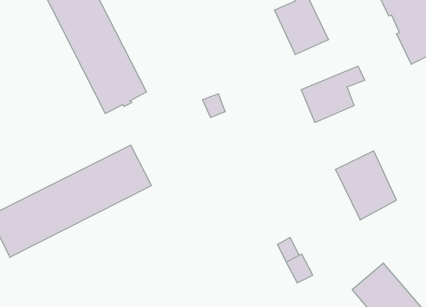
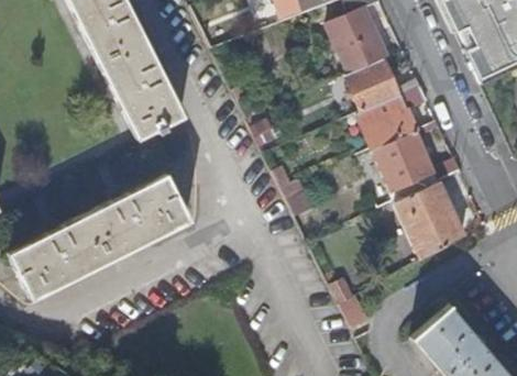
building: none -> [348,60,421,111]
building: none -> [373,131,461,202]

